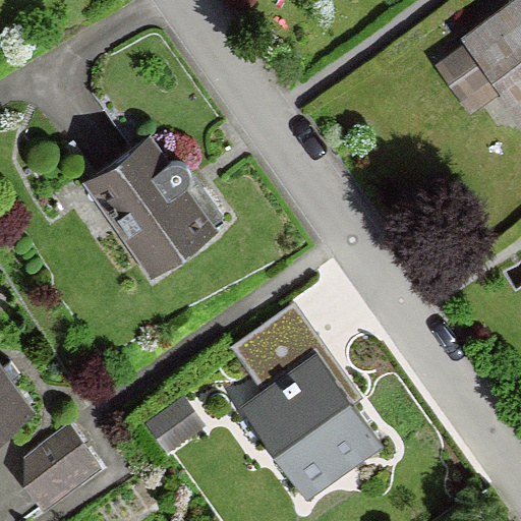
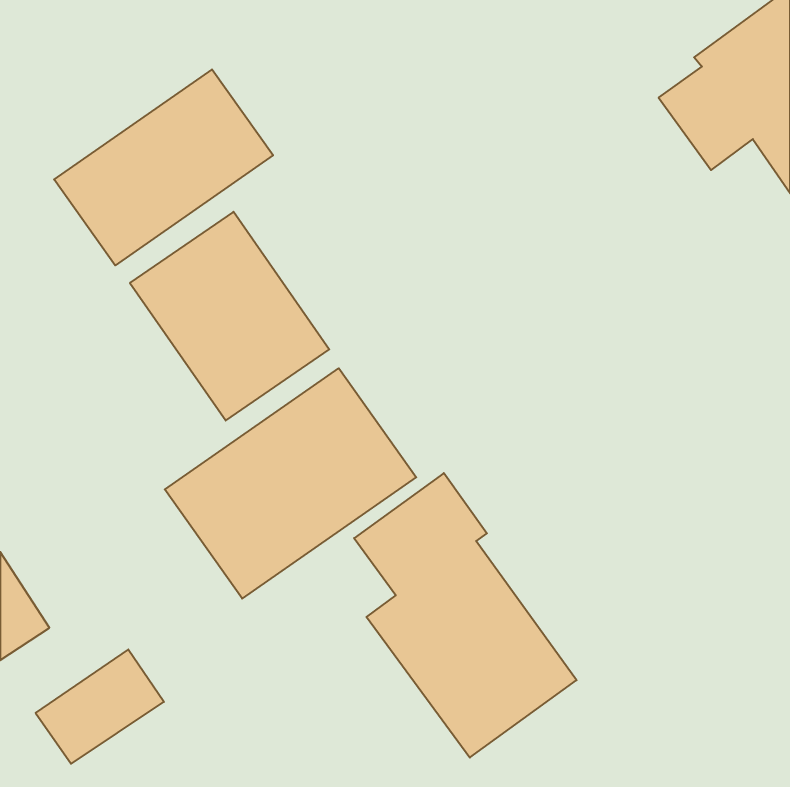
building: none -> [54,69,273,265]
building: none -> [165,368,416,599]

